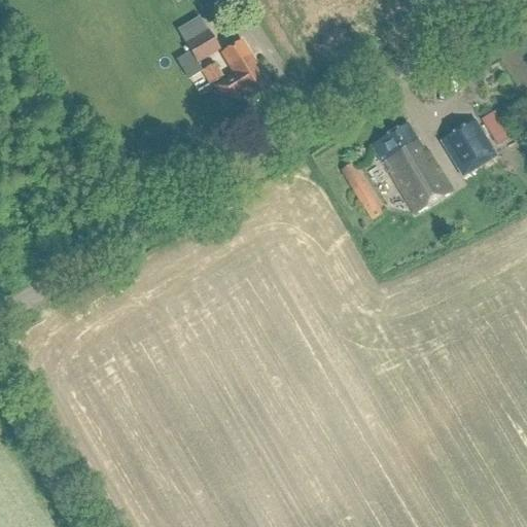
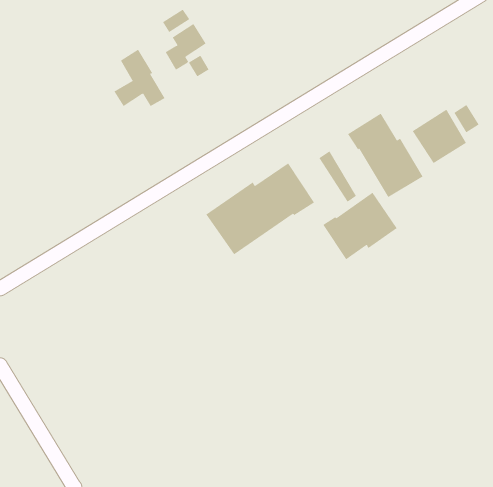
building: [214,38,270,100] -> [114,49,166,107]
building: none -> [205,162,315,255]
building: none -> [323,192,398,260]

